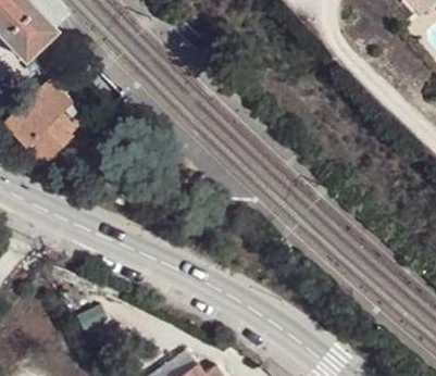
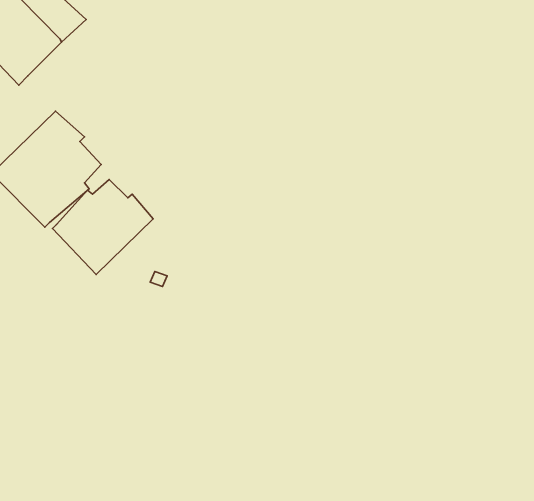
building: none -> [52,180,153,274]

